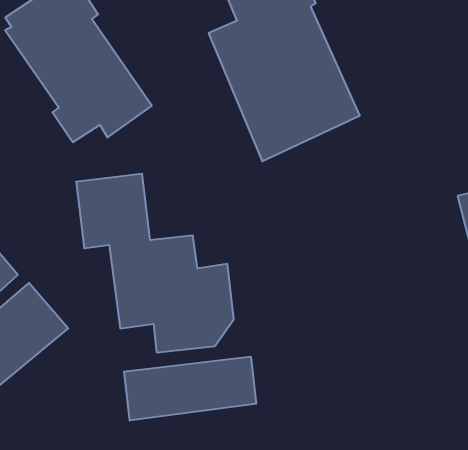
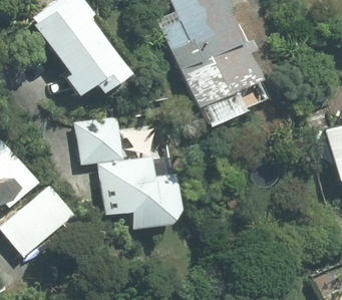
building: [124,357,256,421] -> none

